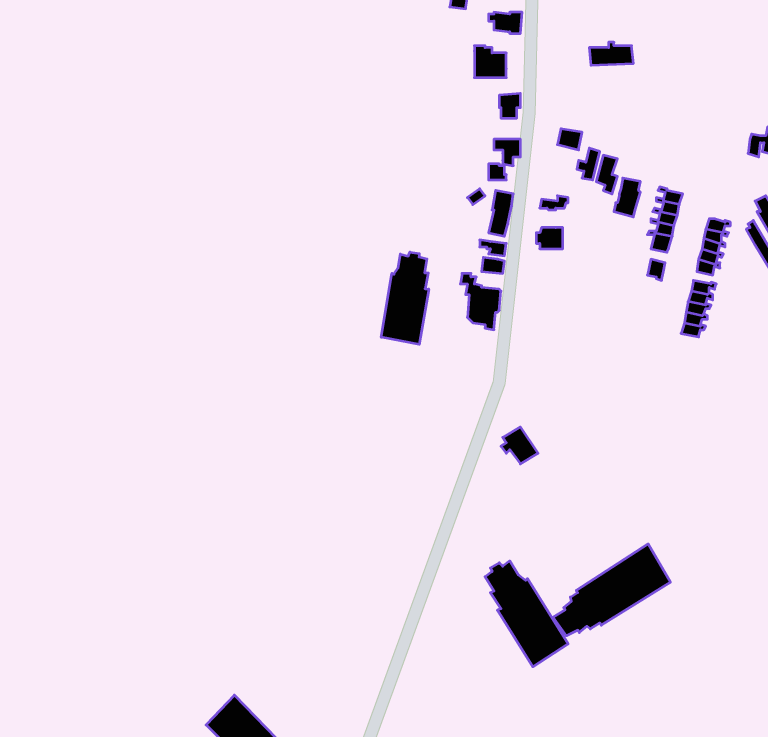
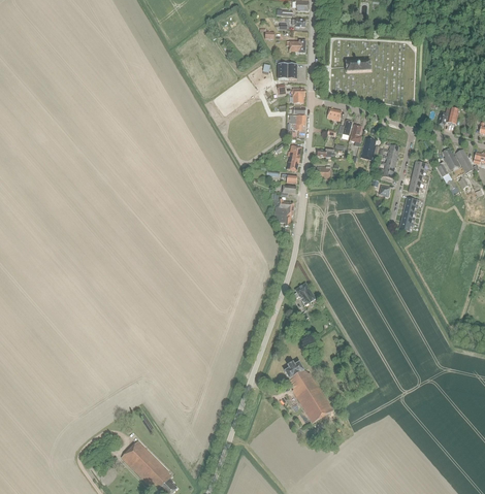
building: [381,252,429,344] -> none
building: [553,544,670,636] -> none

